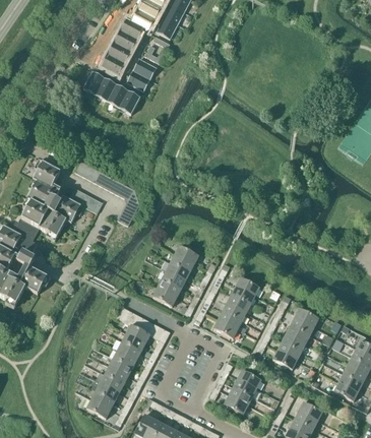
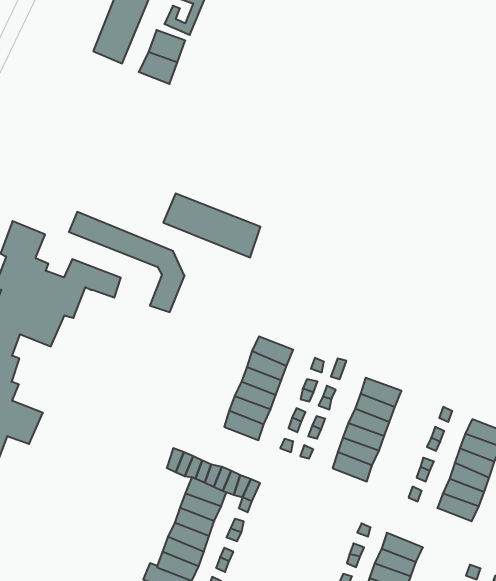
building: [82,71,139,114] -> [163,193,261,257]

